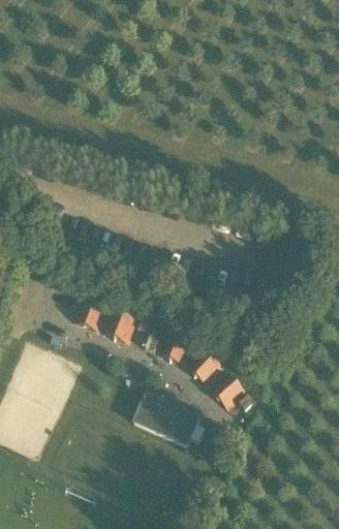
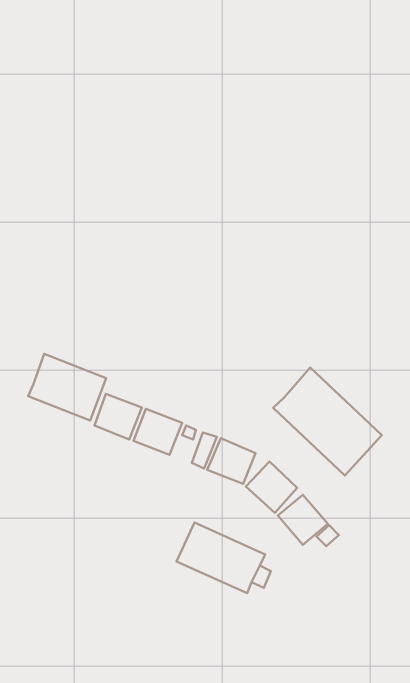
building: none -> [28,354,106,420]
building: none -> [273,368,382,475]

